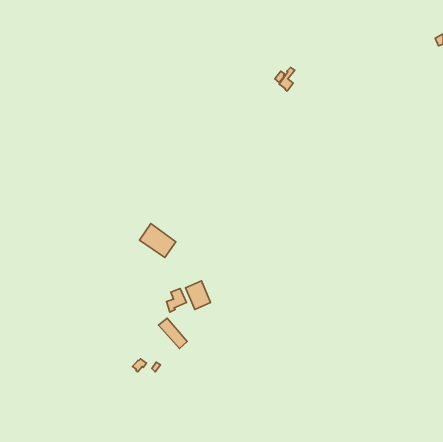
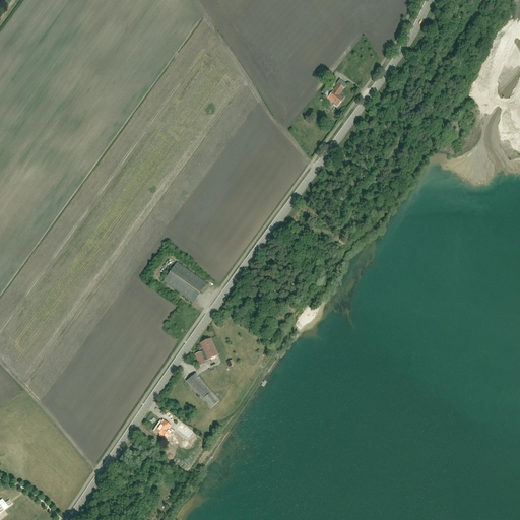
building: [185,281,210,309] -> none

